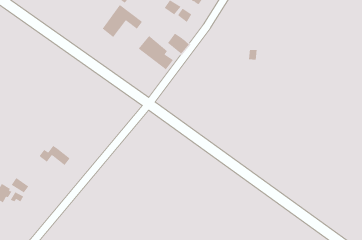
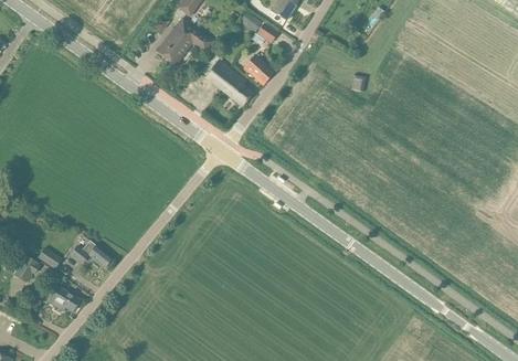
building: [39,145,71,166] -> [71,240,113,267]
building: none -> [49,283,81,310]

